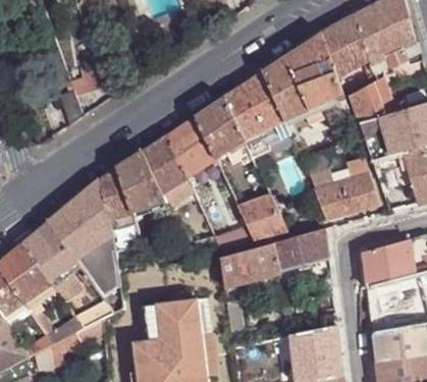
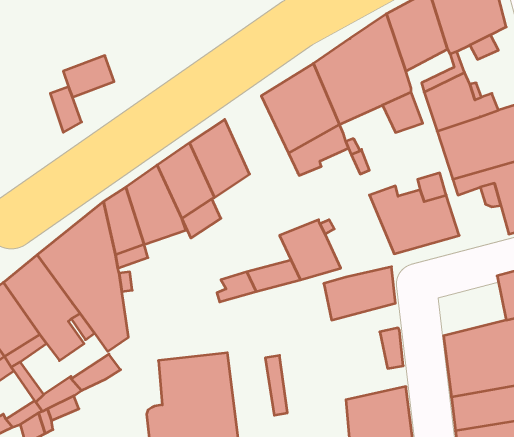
building: [195,97,253,165] -> none
building: [362,237,415,284] -> none
building: [222,243,278,285] -> none

